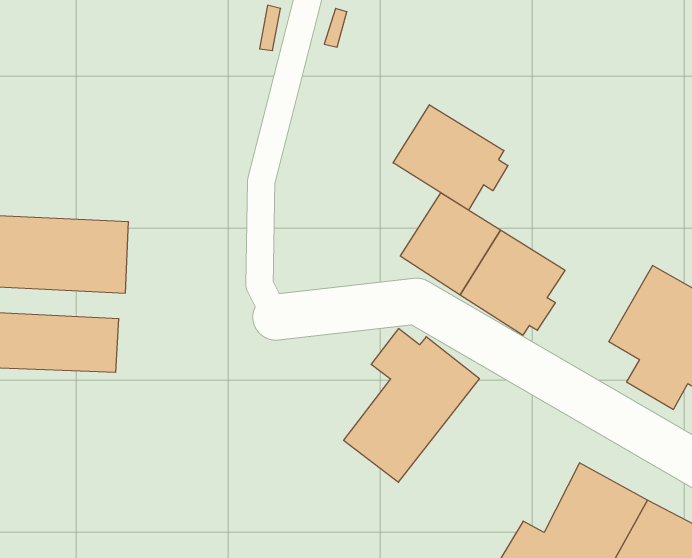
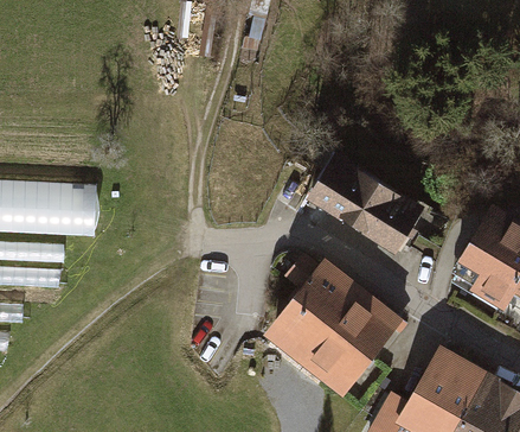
building: [393,105,508,210] -> none
building: none -> [302,291,404,400]

